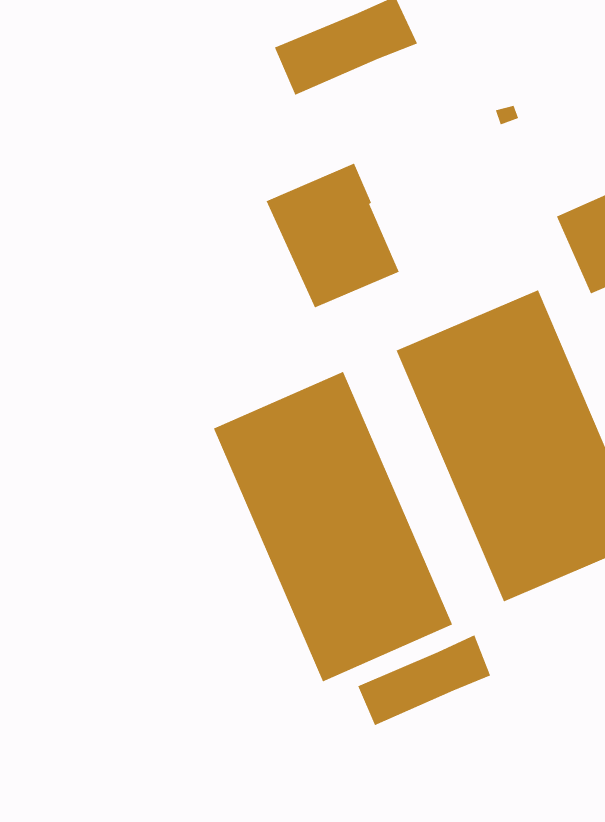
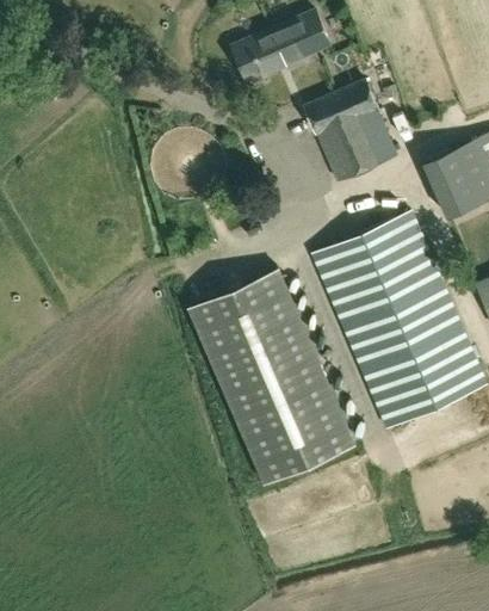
building: [266,162,400,309] -> [303,80,395,180]
building: [357,634,491,726] -> none

